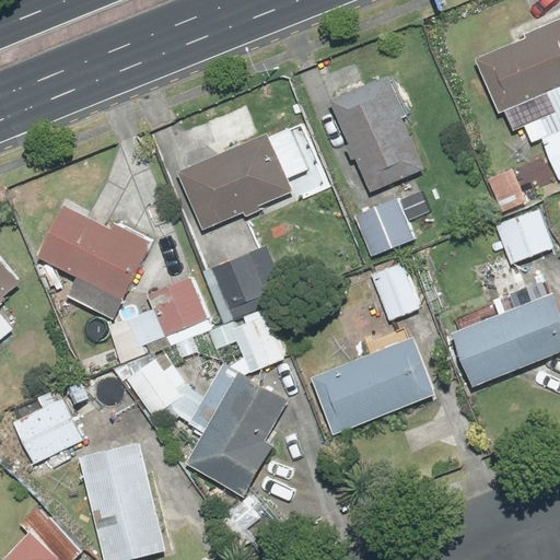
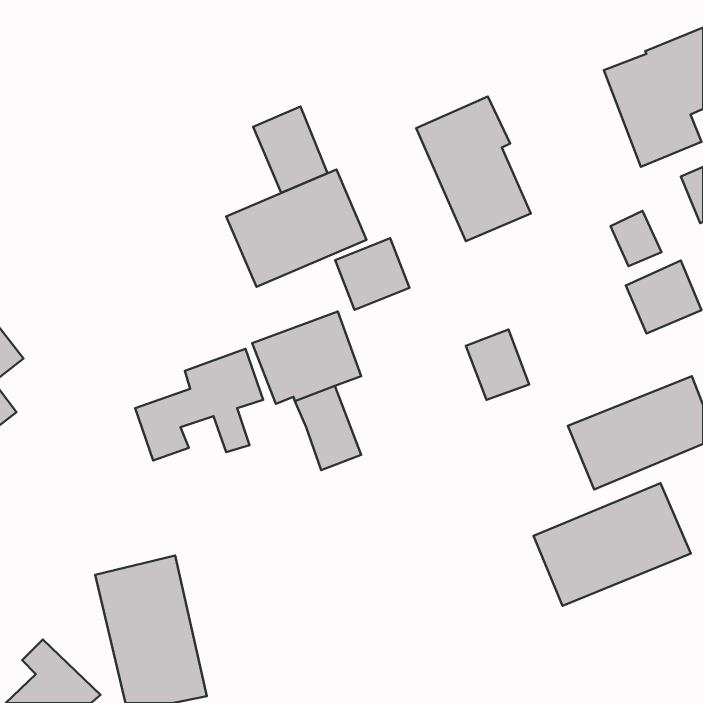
building: none -> [253,106,328,193]
building: [355,198,415,255] -> [335,238,410,310]
building: [36,205,152,317] -> none
building: [308,336,433,433] -> [534,483,691,606]
building: [127,355,287,494] -> none
building: [11,395,82,465] -> none

